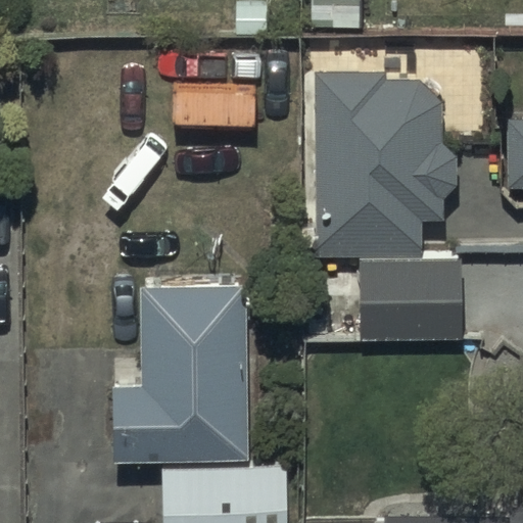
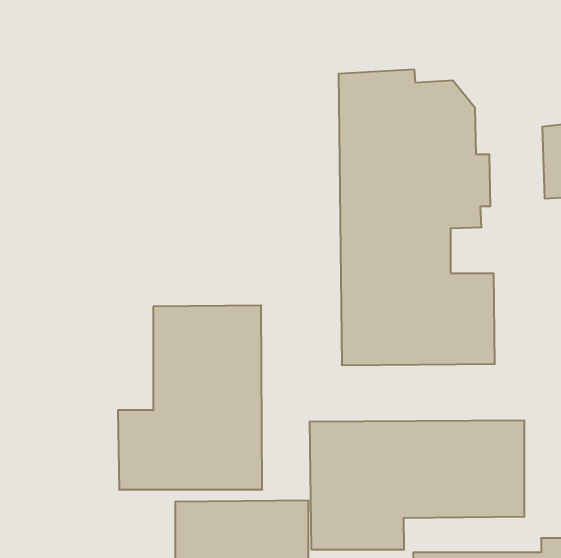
building: none -> [310,420,524,550]

